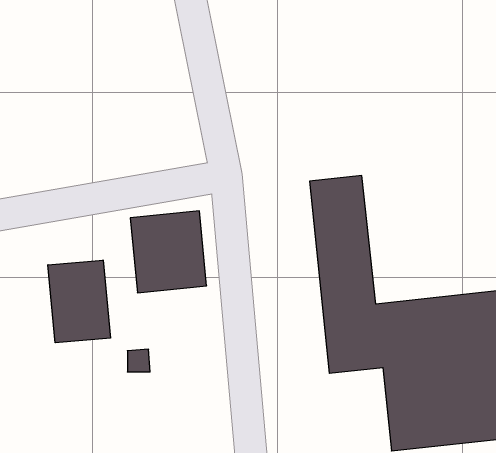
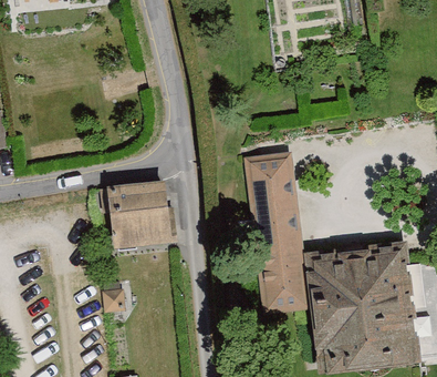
building: [48,260,110,343] -> none

